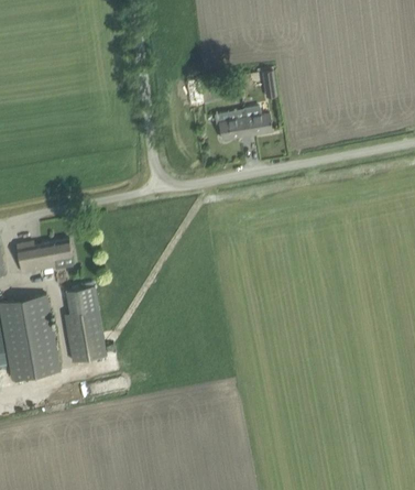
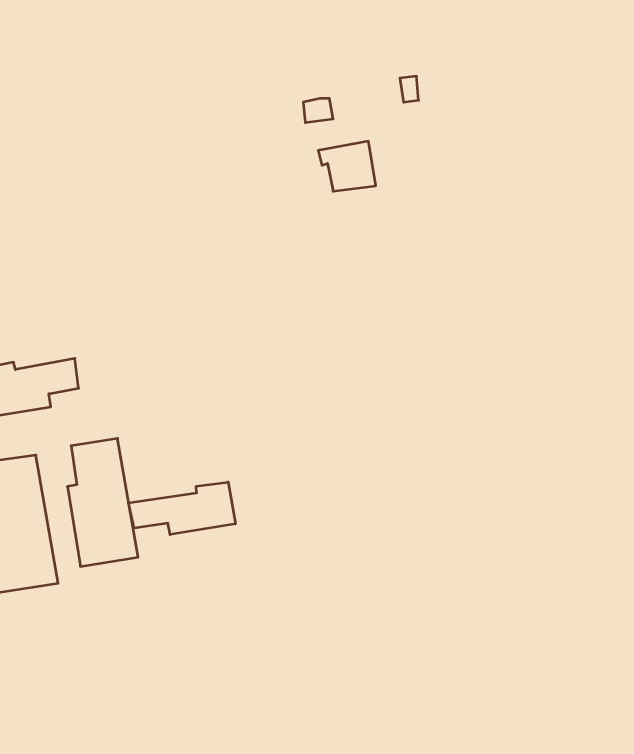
building: [242,107,271,137] -> none
building: none -> [129,482,235,535]

